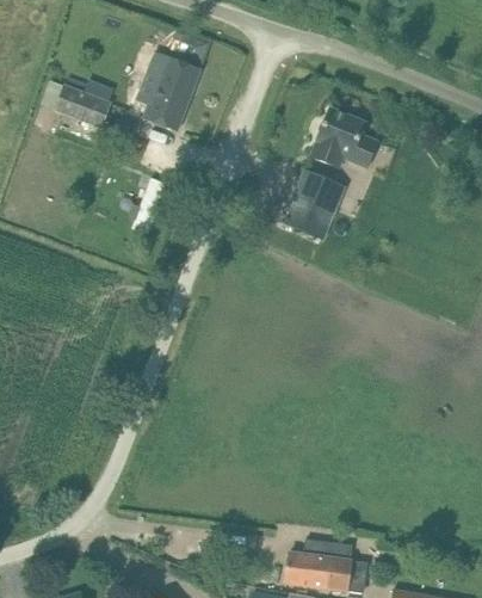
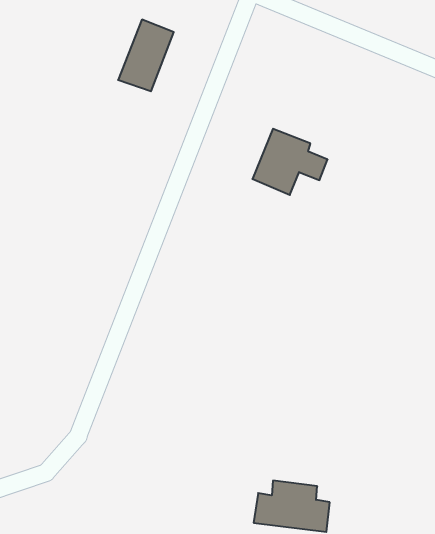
building: [44,85,110,127] -> none
building: [309,109,377,167] -> none

